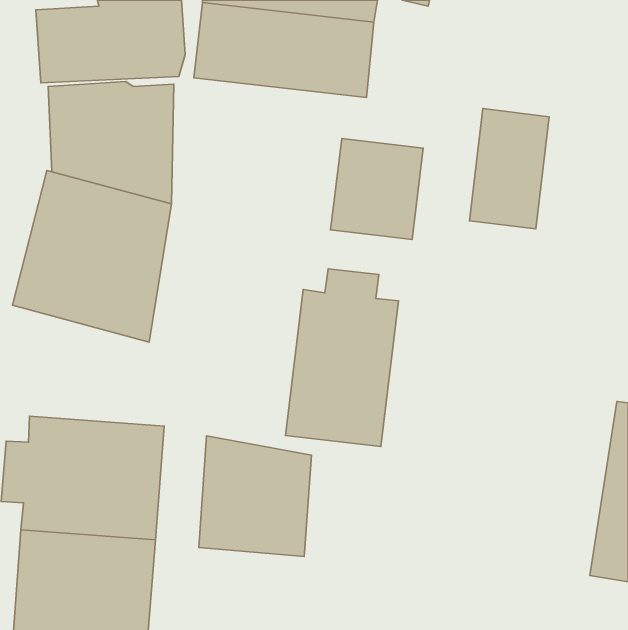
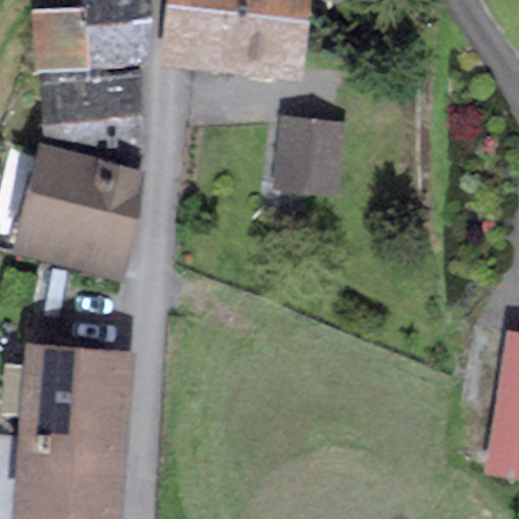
building: [469,109,549,229] -> none
building: [285,269,399,447] -> none
building: [199,436,312,557] -> none

